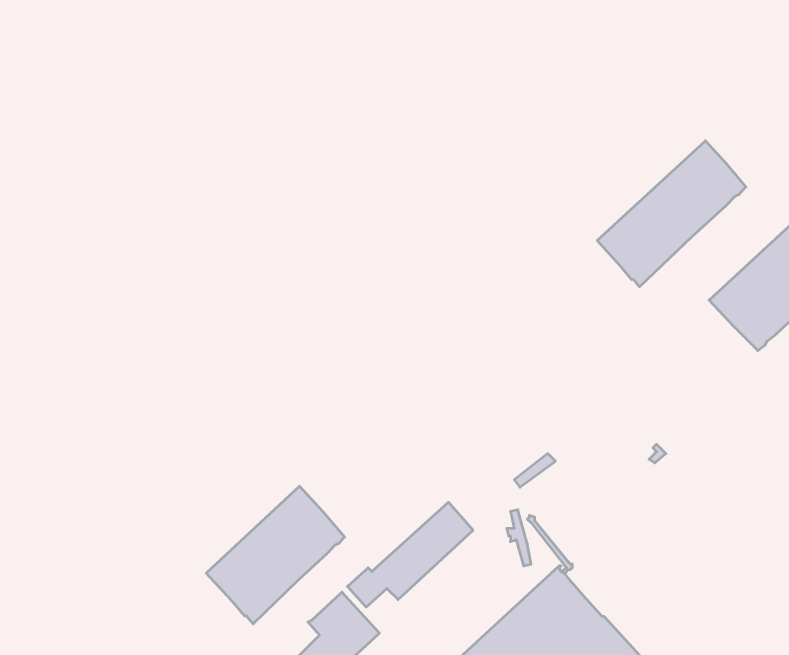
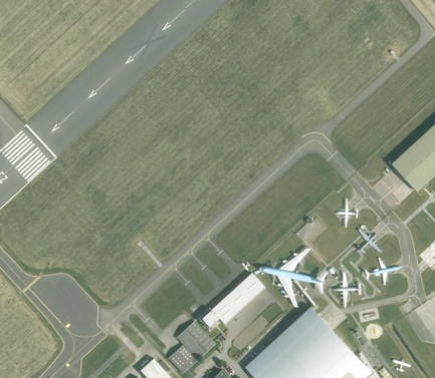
building: [597,141,746,287] -> none
building: [206,486,345,624] -> none

